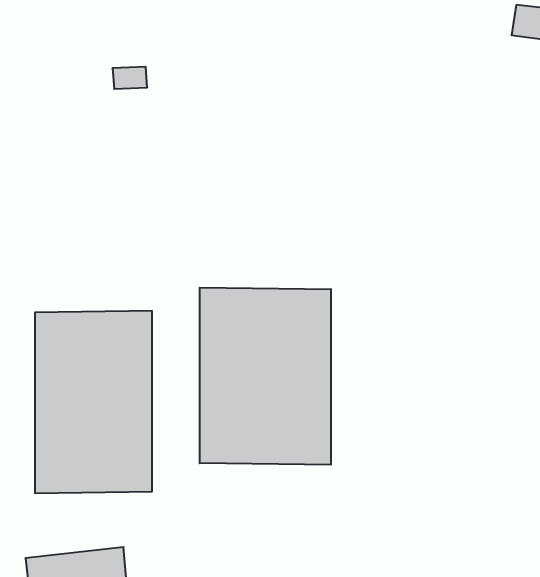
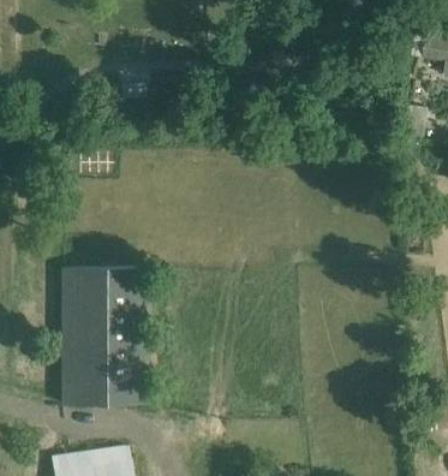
building: [200,288,331,465] -> none

